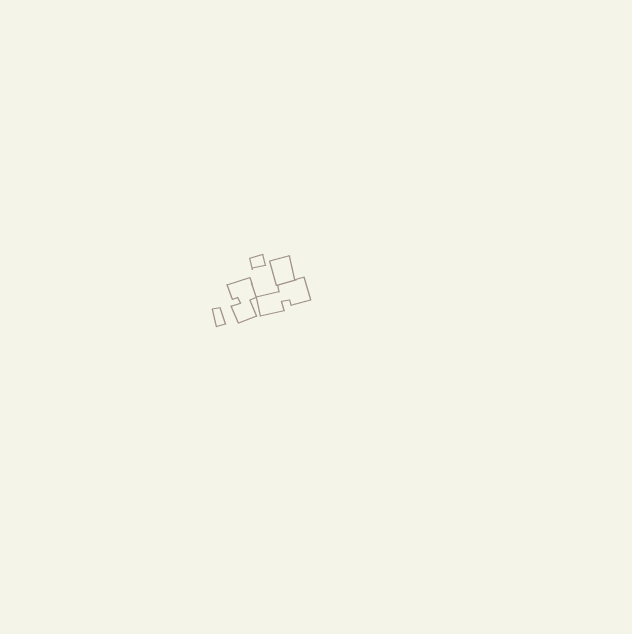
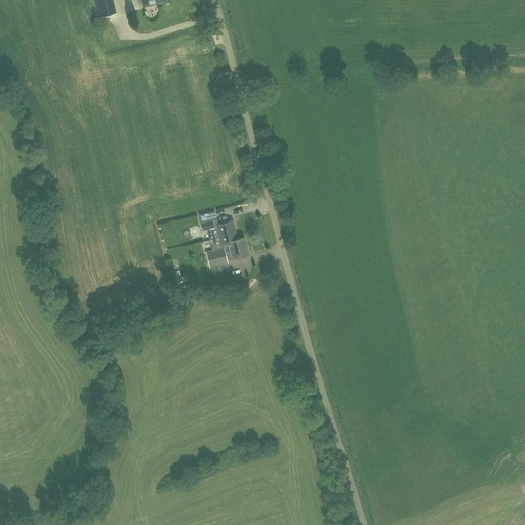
building: [227,278,257,323] -> none

